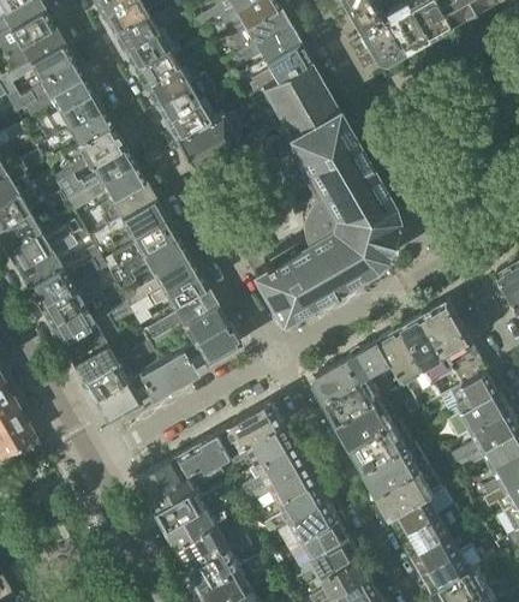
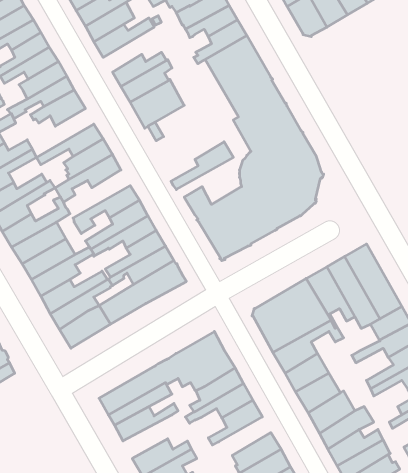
building: [144,58,201,105] -> none
building: [58,147,133,203] -> none
building: [103,217,175,273] -> [171,142,233,190]
building: [167,500,228,550] -> none
building: [278,502,338,547] -> none

